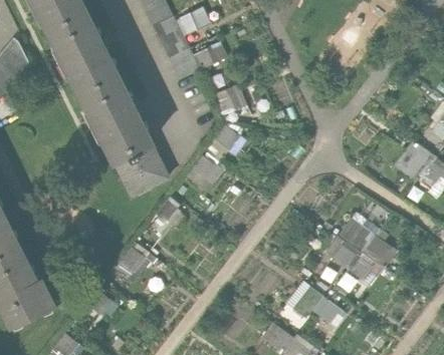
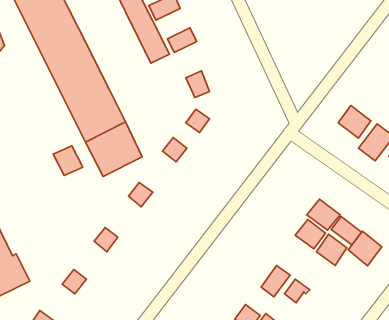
building: none -> [338,105,371,138]
building: none -> [53,146,83,176]
building: none -> [348,231,382,266]

